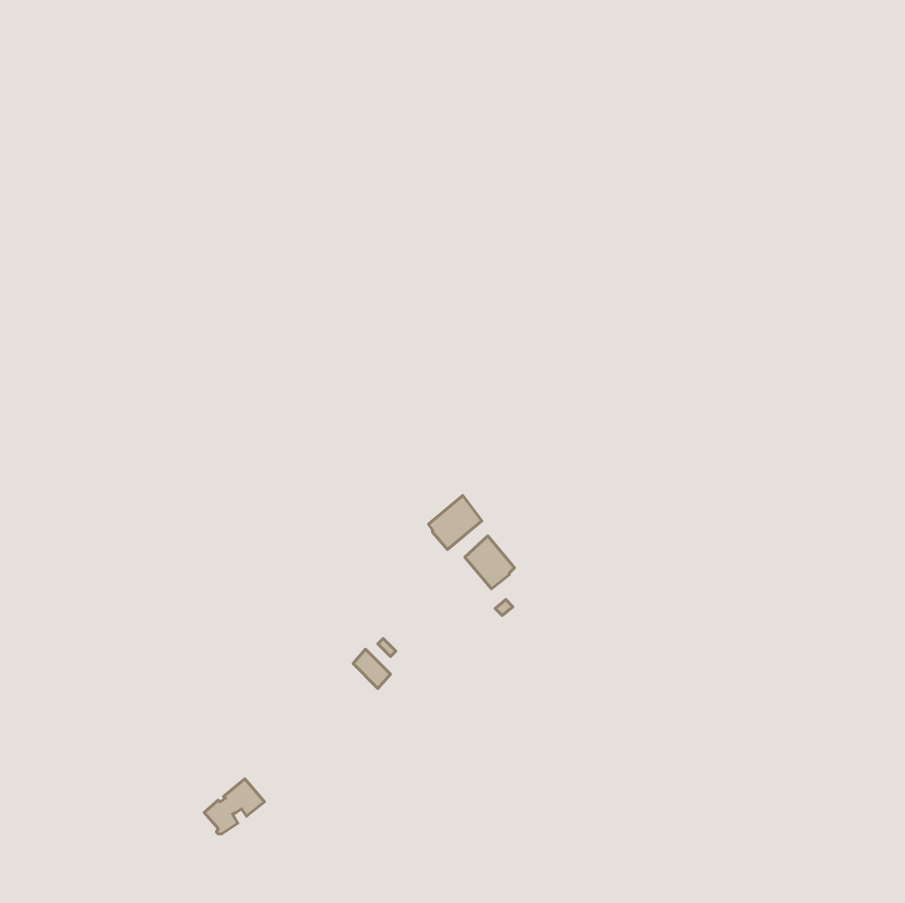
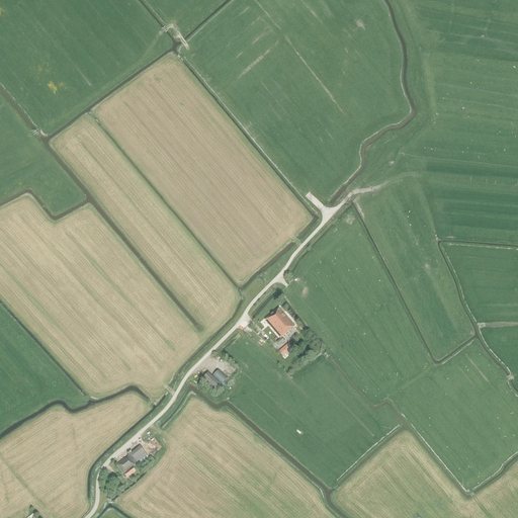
building: [429,496,482,549] -> none

